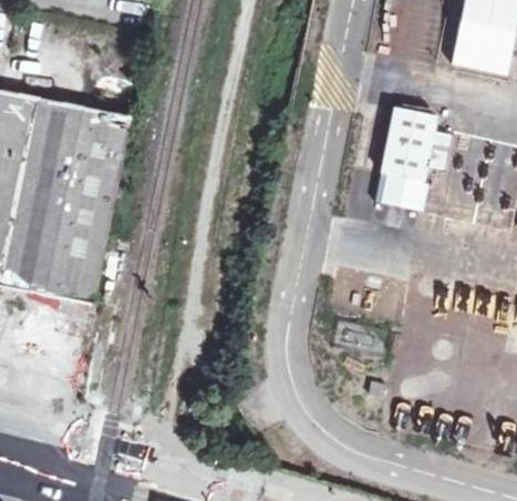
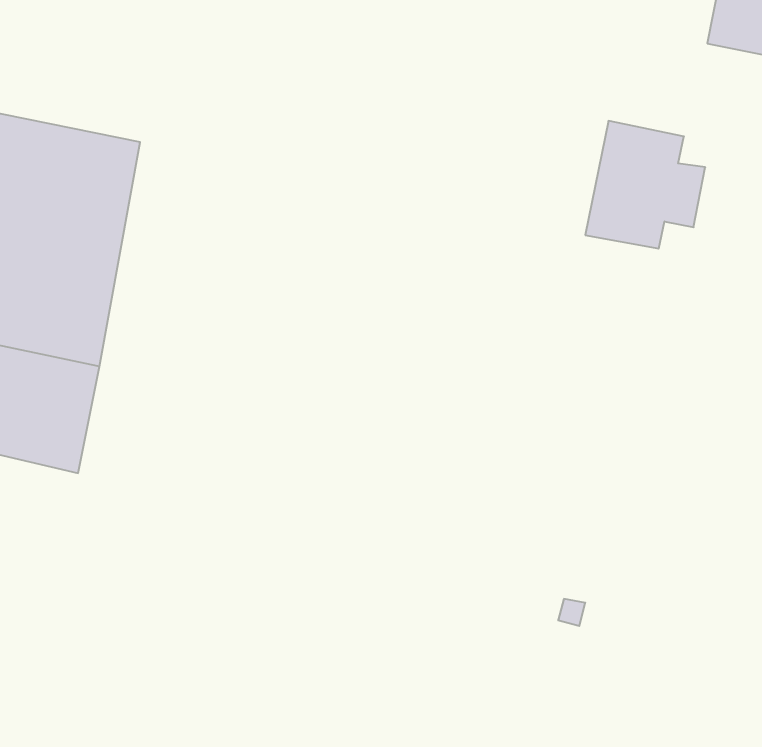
building: [376,171,430,207] -> none

